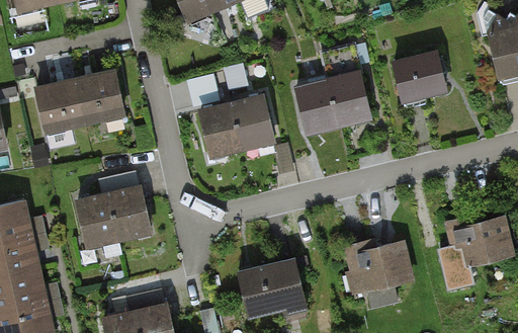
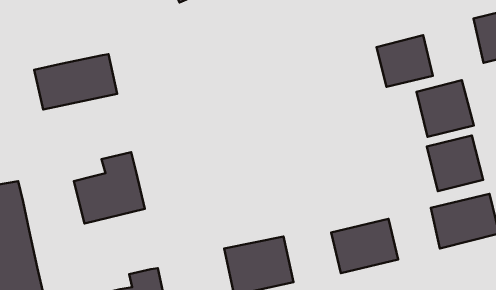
building: [298,48,370,133] -> none
building: [202,97,274,155] -> none
building: none -> [416,80,474,137]
building: none -> [427,135,483,191]

